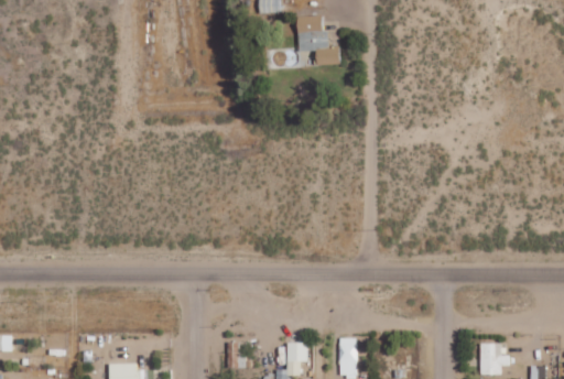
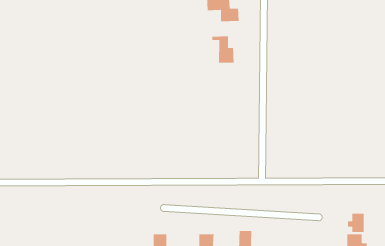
building: none -> [212,36,235,63]
building: none -> [347,213,364,233]

